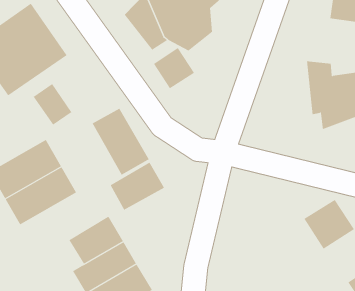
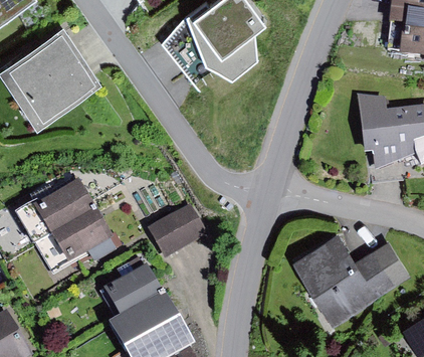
building: [153,47,195,89] -> none
building: [33,83,72,125] -> none
building: [92,108,150,176] -> none
building: none -> [294,235,376,323]

